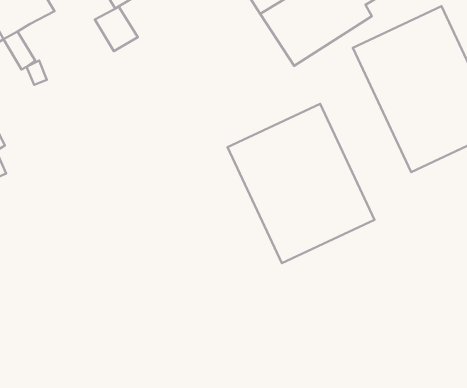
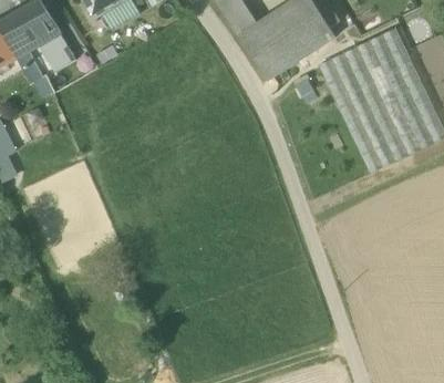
building: [95,7,138,51] -> [37,31,74,70]
building: [227,104,375,263] -> none

